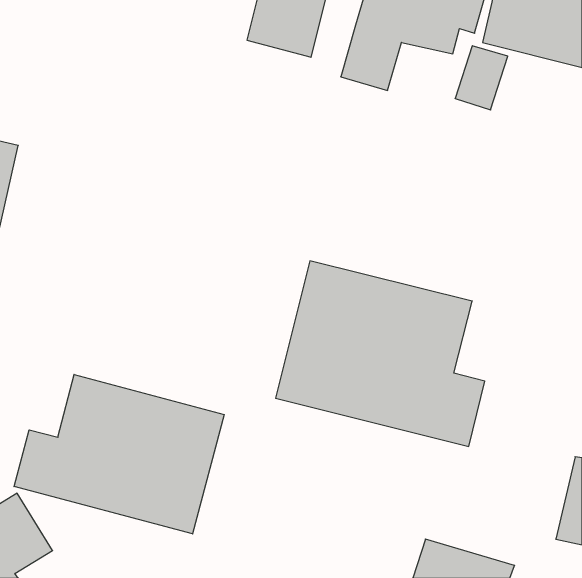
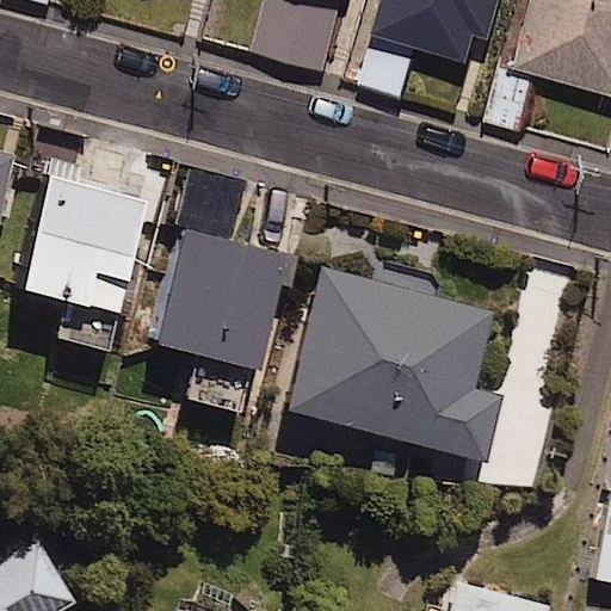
building: none -> [19,177,149,320]
building: none -> [156,228,291,372]
building: [14,374,224,534] -> none

